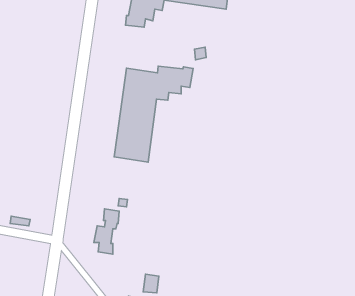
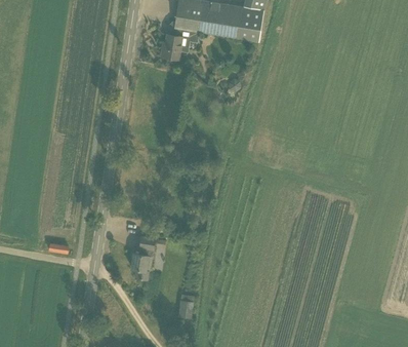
building: [114,66,193,162] -> none

